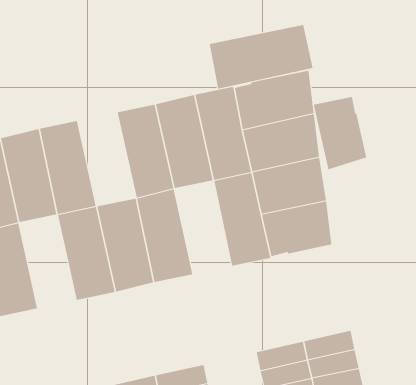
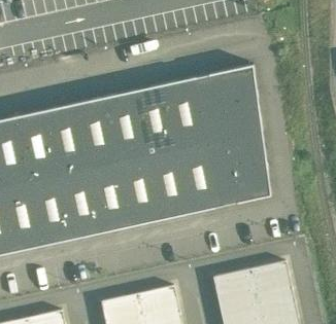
building: [209,24,313,90] -> none
building: [313,96,367,170] -> none
building: none -> [78,96,123,167]
building: none -> [152,147,195,218]
building: none -> [34,173,77,244]

